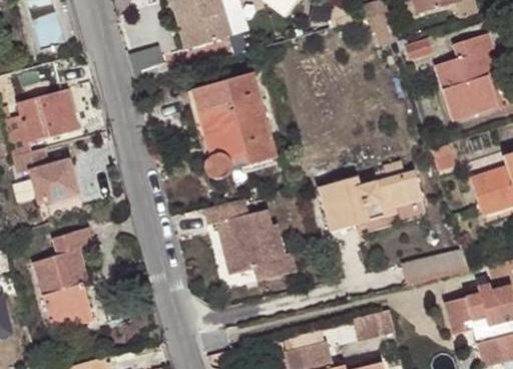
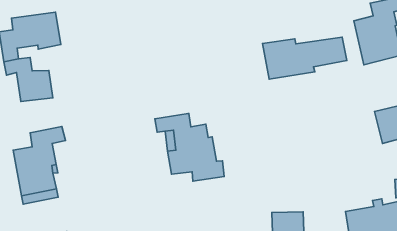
building: [193,72,276,178] -> none
building: [317,170,422,230] -> [262,37,347,79]
building: [400,250,465,286] -> none

